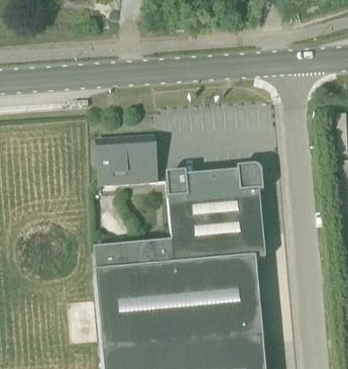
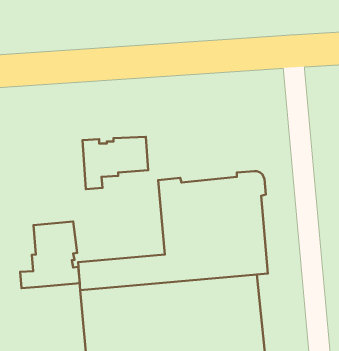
building: none -> [20,222,80,288]

